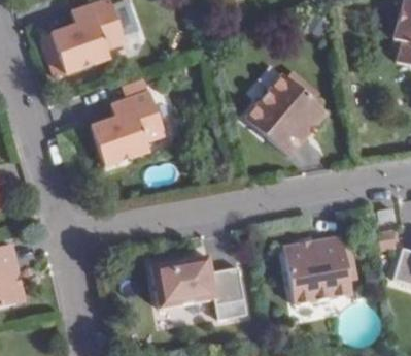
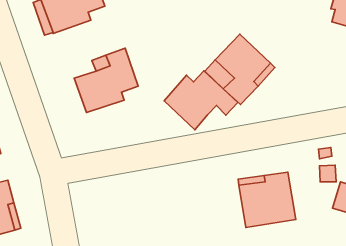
building: none -> [164,71,238,130]
building: [151,255,241,308] -> none

